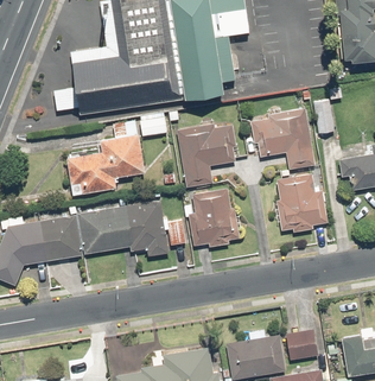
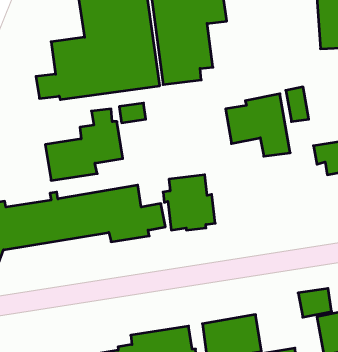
building: [178,125,240,186] -> none
building: [277,173,330,234] -> none
building: [285,329,319,358] -> [298,288,332,317]

